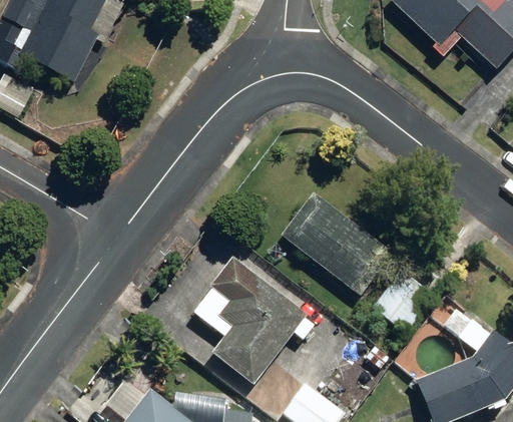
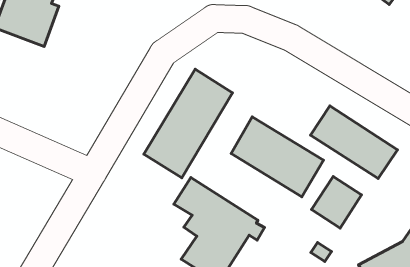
building: none -> [144,69,232,178]
building: none -> [311,106,398,179]

